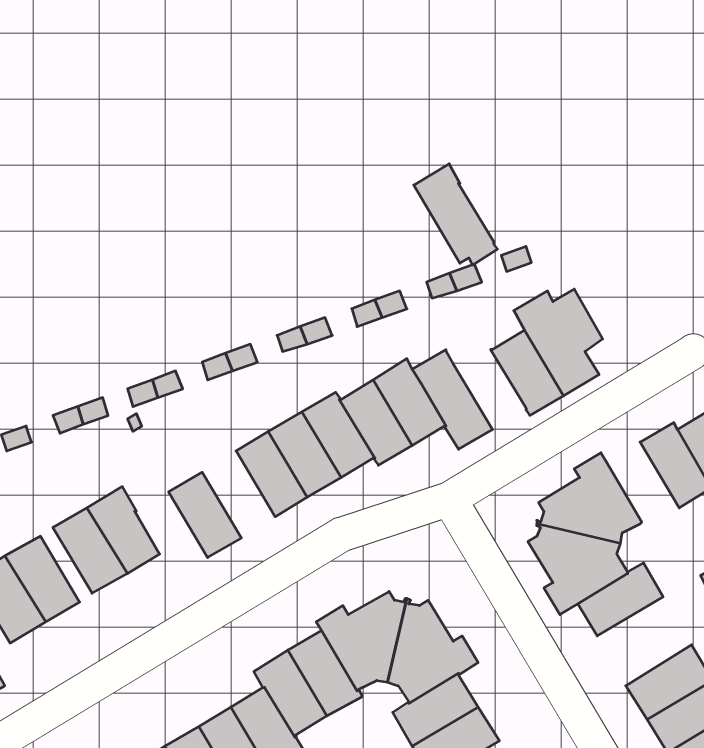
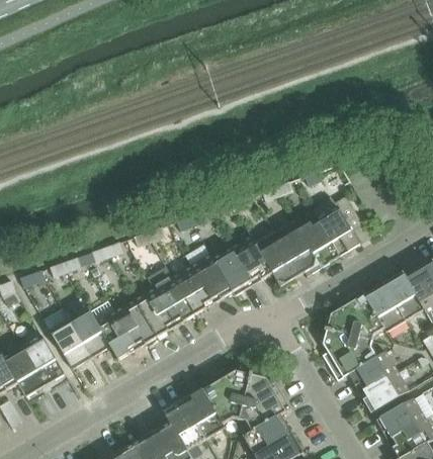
building: [414,164,497,265] -> [273,218,321,276]
building: none -> [364,282,406,332]
building: none -> [135,287,176,337]
building: none -> [96,310,138,359]
building: none -> [359,370,409,412]

